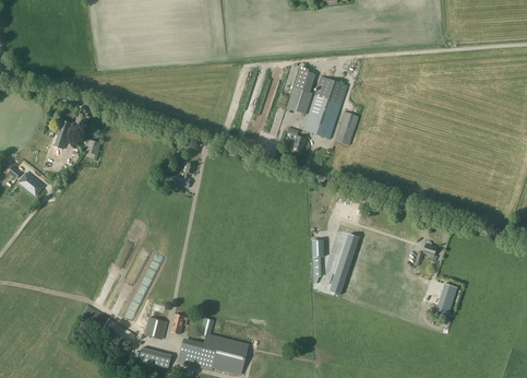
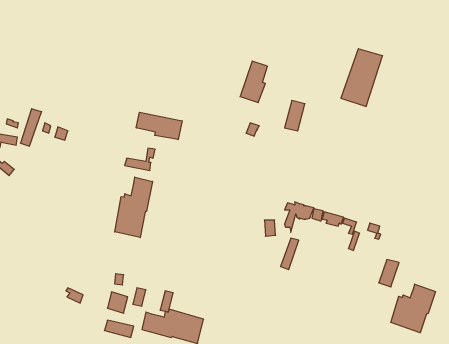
building: [303,76,348,139] -> [341,49,383,106]
building: none -> [136,112,182,140]
building: none -> [115,177,153,238]
building: none -> [391,284,436,333]

